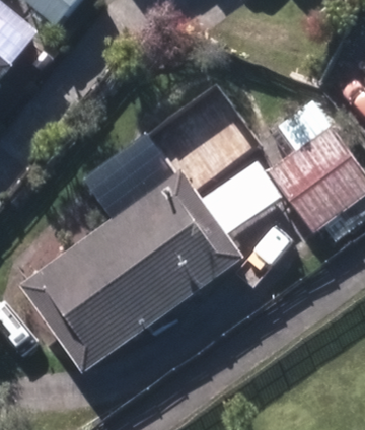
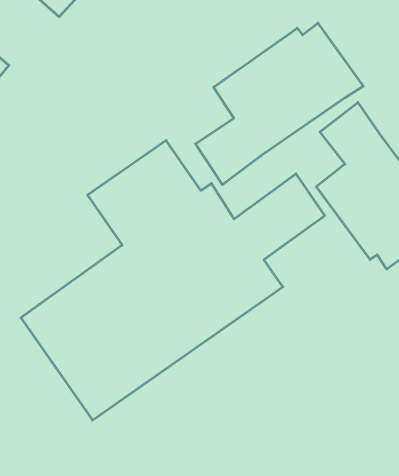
building: none -> [195,23,363,185]

